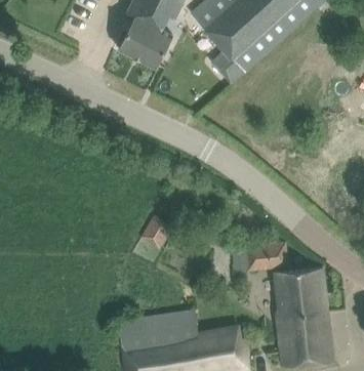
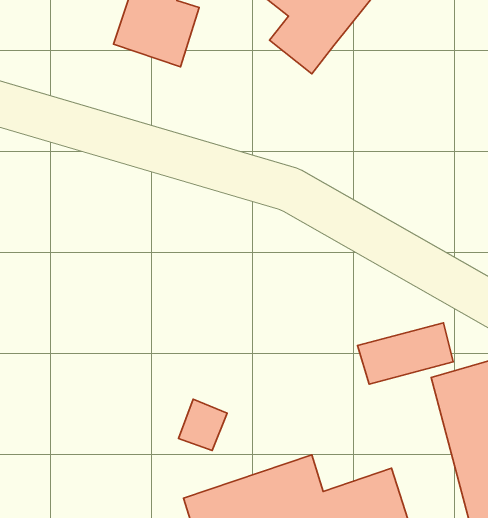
building: [141,216,172,248] -> [179,399,227,451]

